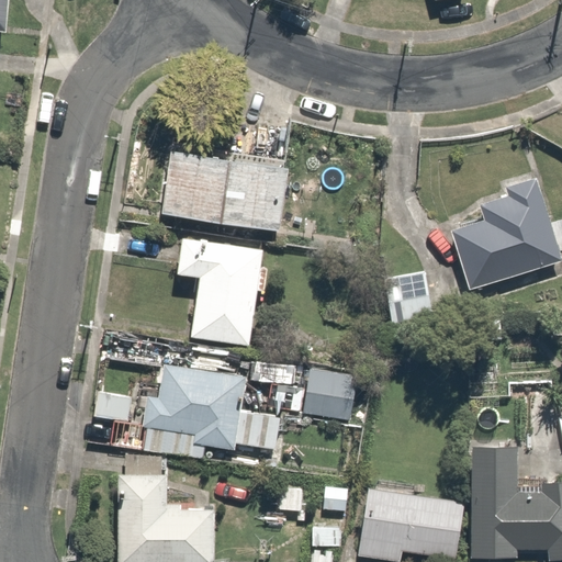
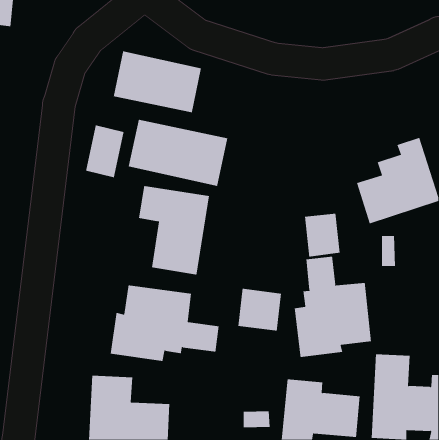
building: none -> [113,51,202,113]
building: none -> [86,124,124,178]
building: none -> [294,256,372,358]

